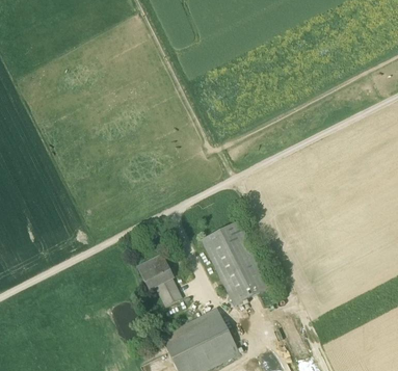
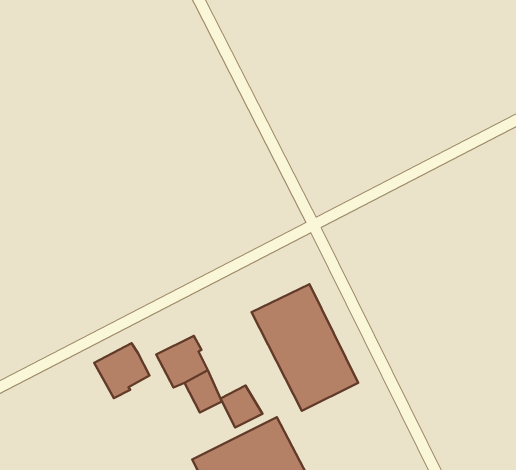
building: none -> [94,343,149,398]
building: none -> [221,385,262,427]

